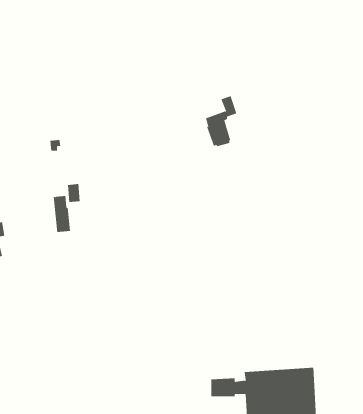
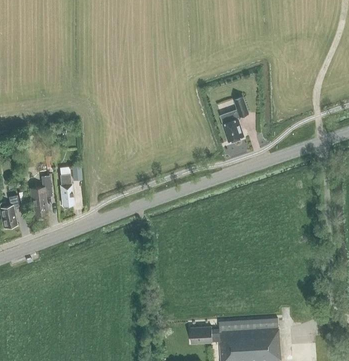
building: [205,95,237,147] -> [221,98,248,141]
building: none -> [30,176,51,214]

